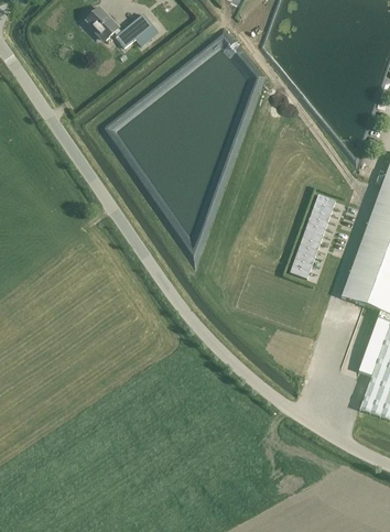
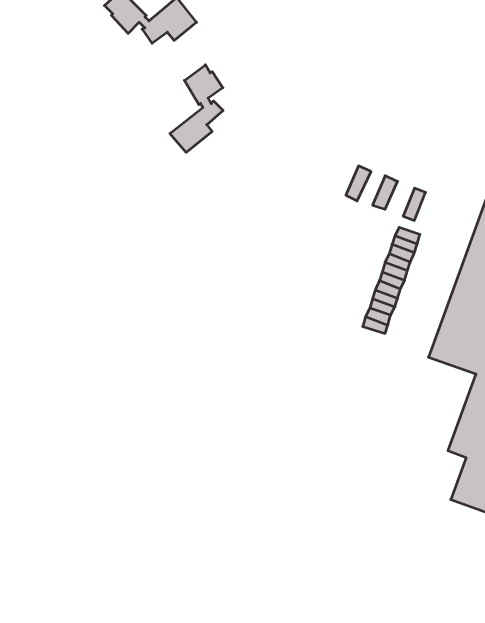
building: none -> [170,65,223,152]

